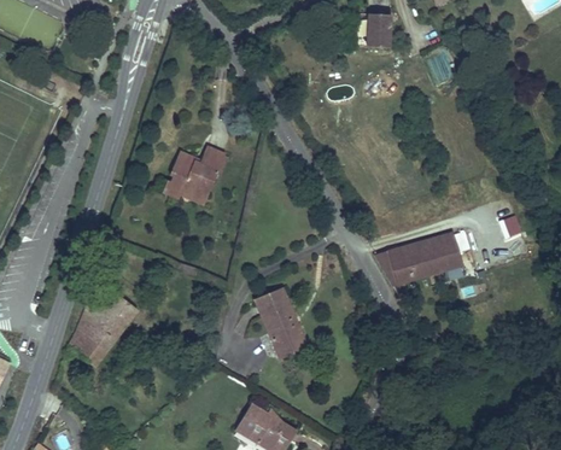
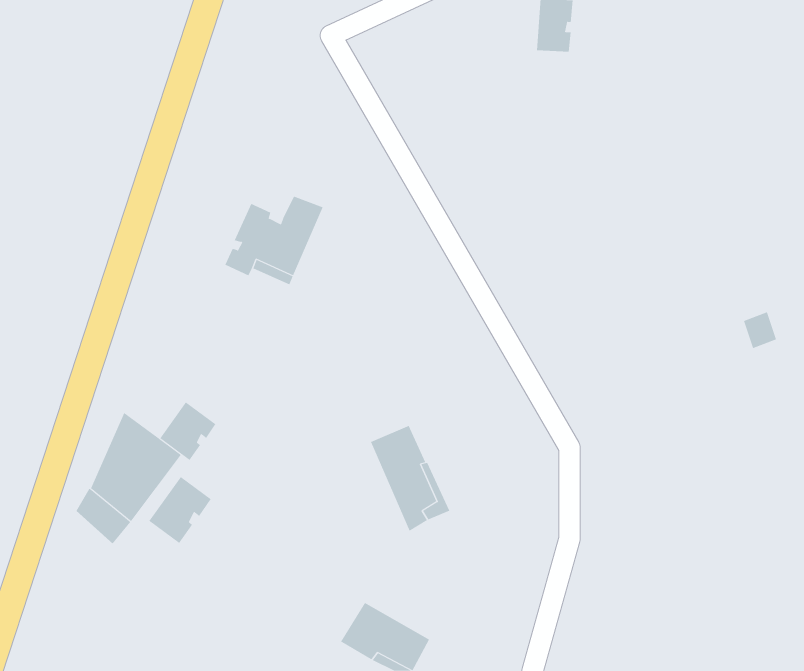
building: [376,233,462,285] -> none
building: none -> [160,402,216,461]
building: none -> [149,476,212,544]

